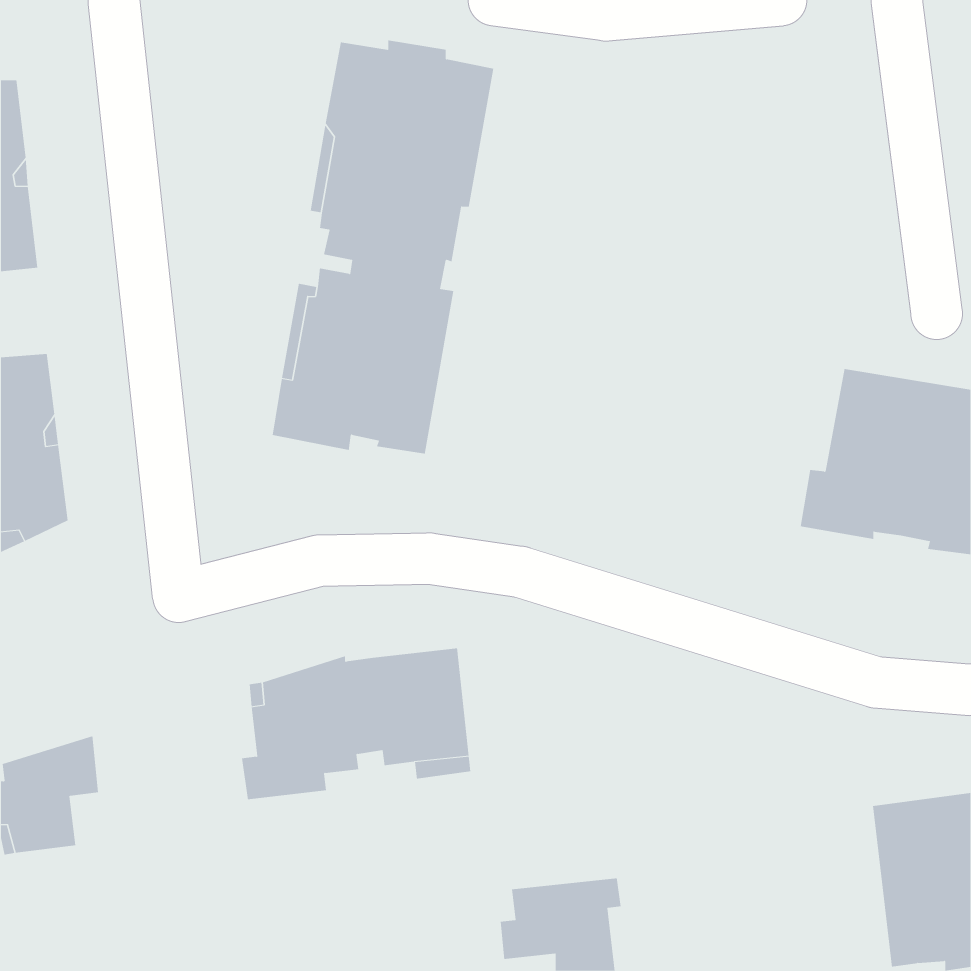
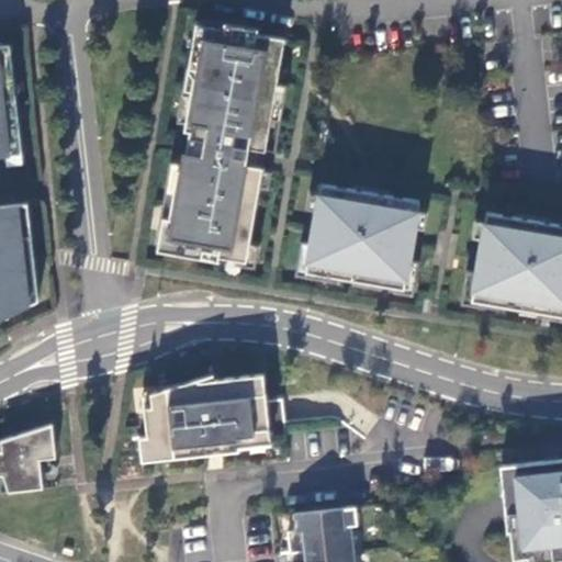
building: none -> [296,184,419,296]

